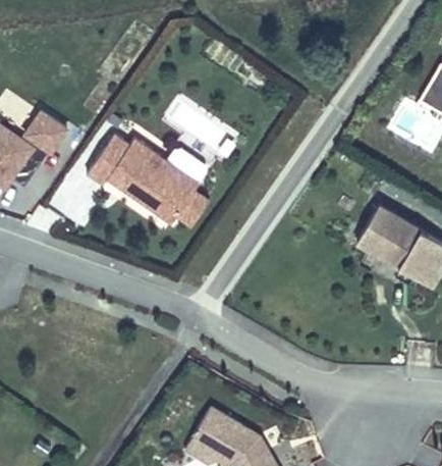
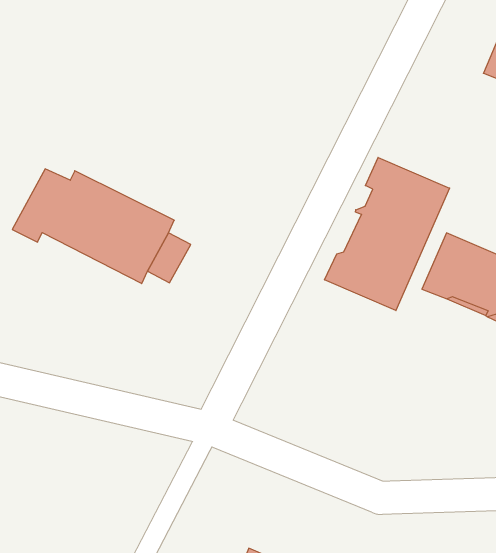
building: none -> [325,157,450,311]

